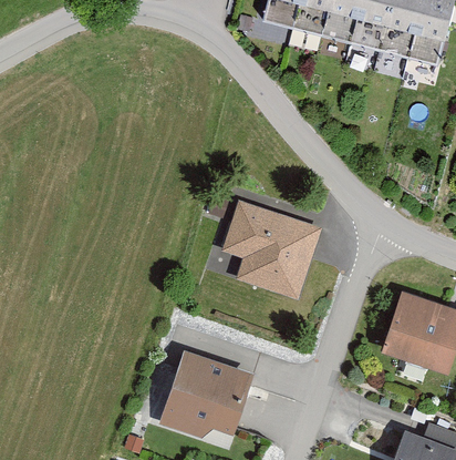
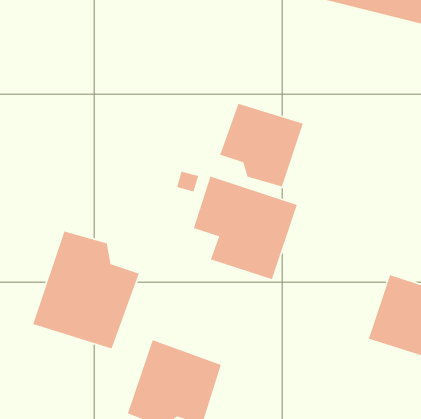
building: none -> [219,103,304,188]
building: none -> [32,230,140,349]

